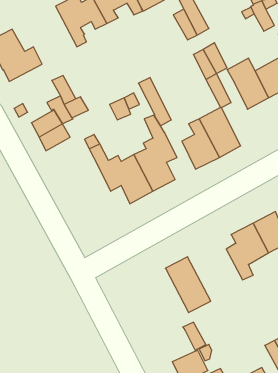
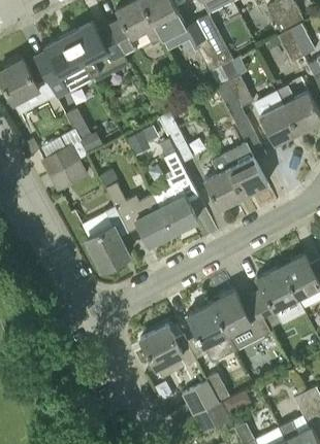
building: none -> [44,36,93,94]
building: none -> [87,207,129,271]
building: none -> [211,292,270,351]
building: none -> [140,327,197,379]
building: none -> [183,382,219,416]

